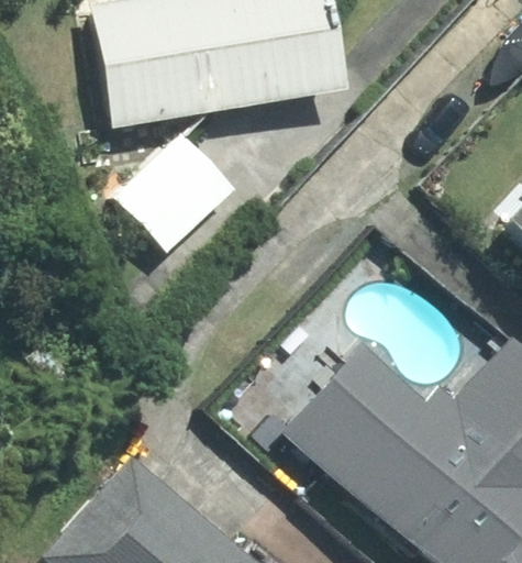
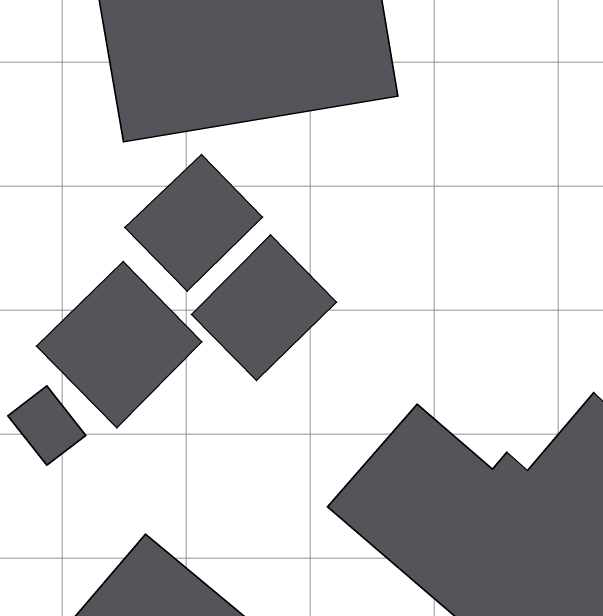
building: none -> [192,235,337,381]
building: none -> [37,262,202,428]

